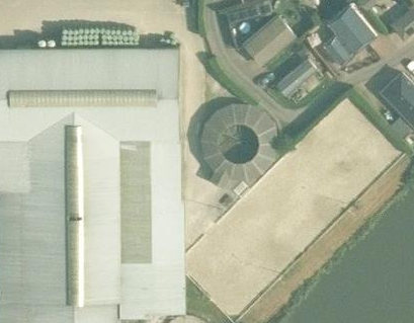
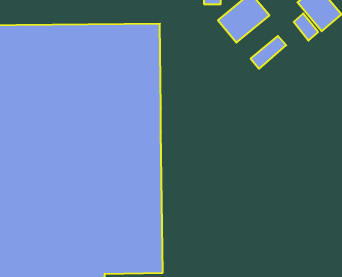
building: [192,96,282,187] -> none

